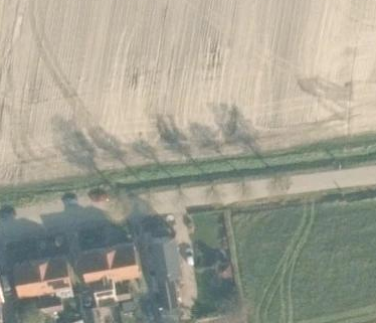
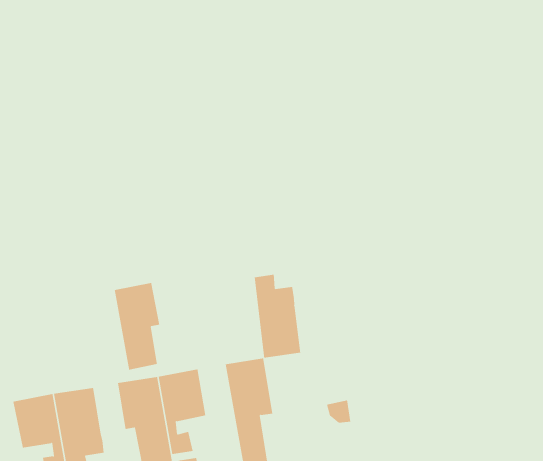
building: none -> [254,274,301,359]
building: none -> [114,282,160,371]

